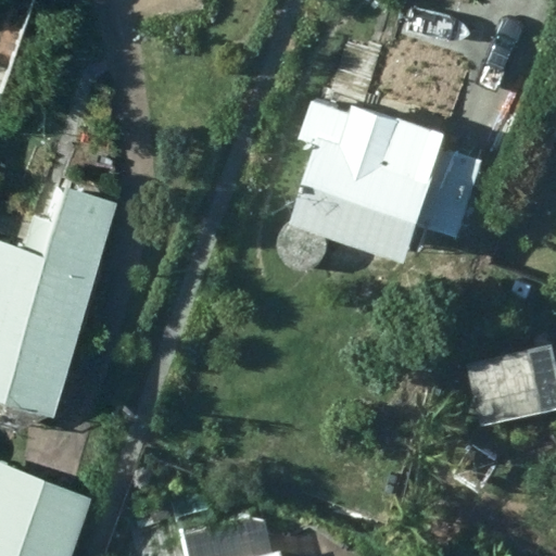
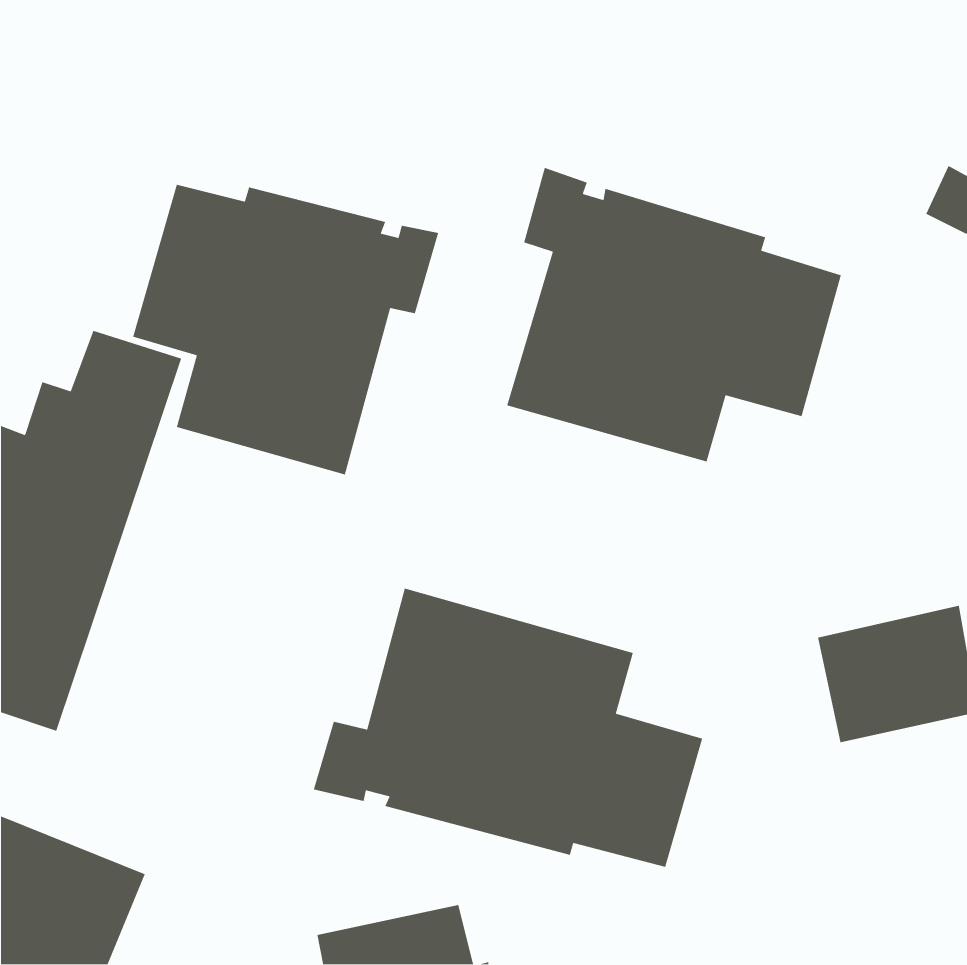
building: none -> [132,184,439,476]
building: none -> [313,588,703,868]

